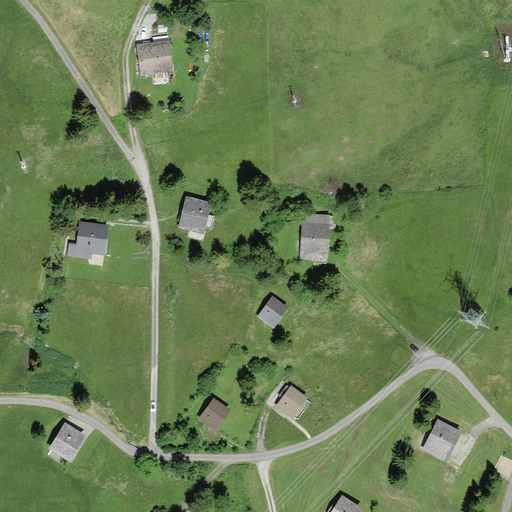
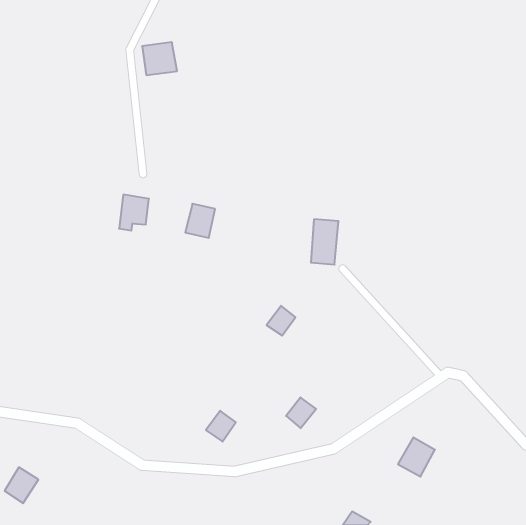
building: [77,222,106,257] -> [119,195,149,231]
building: [424,421,460,459] -> [398,437,435,477]
building: [51,424,84,459] -> [5,467,38,503]

